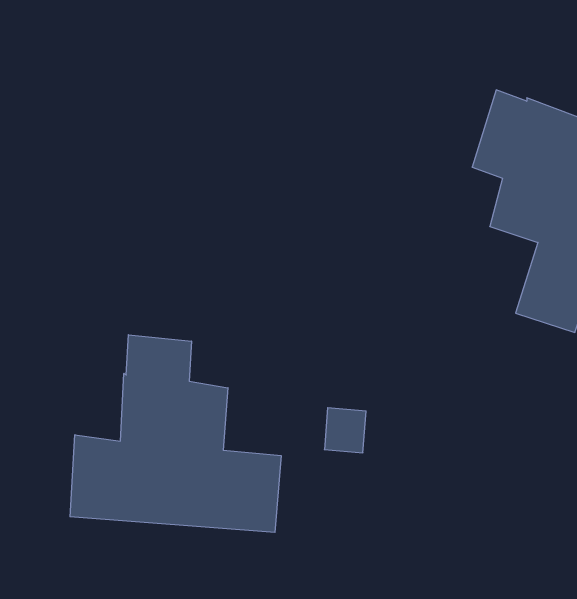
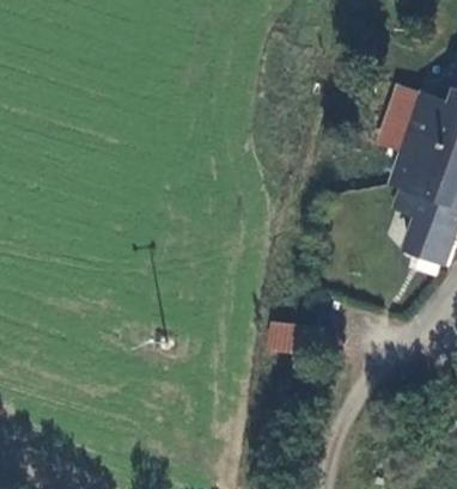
building: [70,335,281,532] -> none

